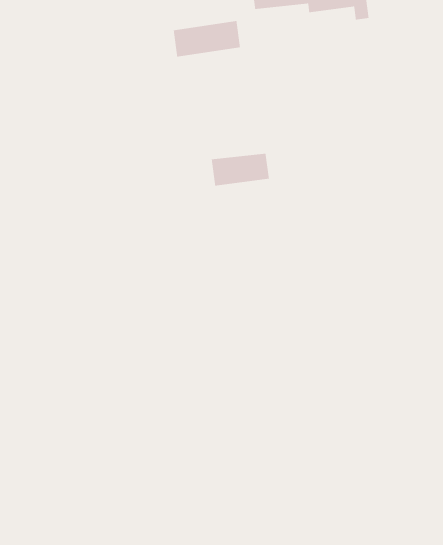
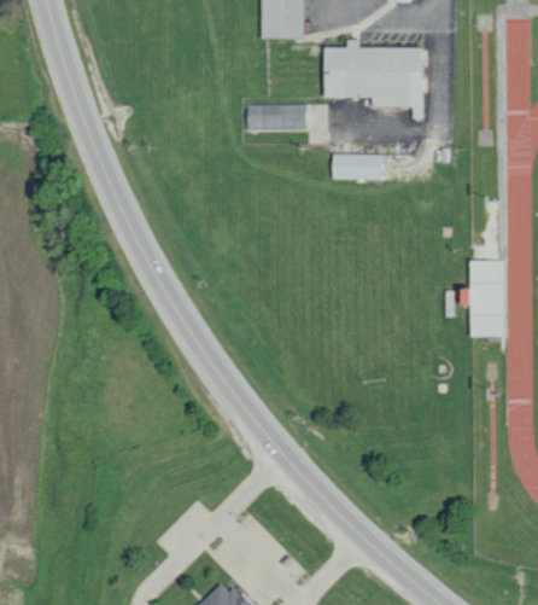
building: [211,153,270,186] -> [333,153,384,179]

